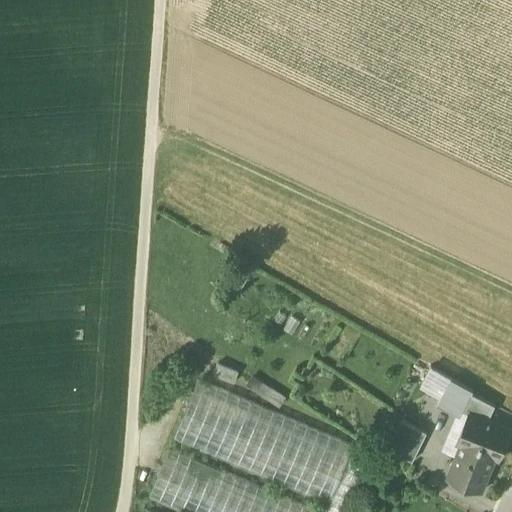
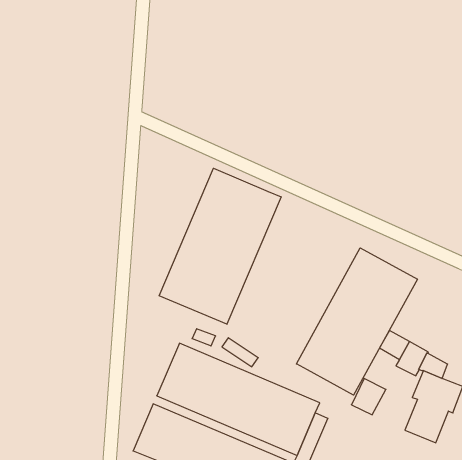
building: none -> [159,168,281,324]
building: none -> [296,248,417,395]

